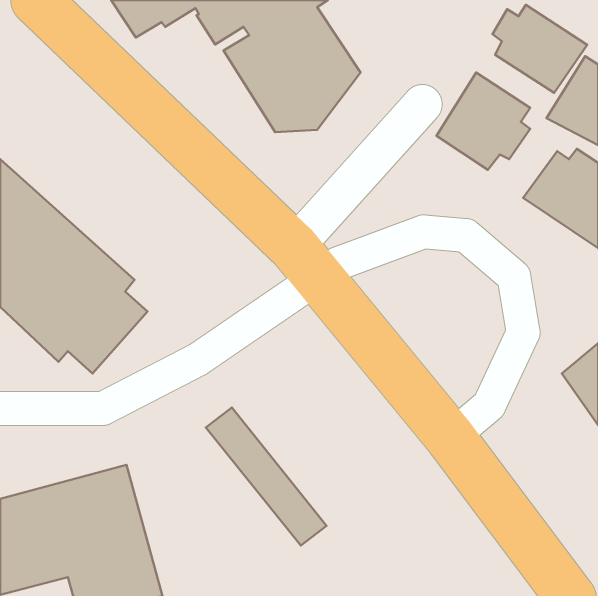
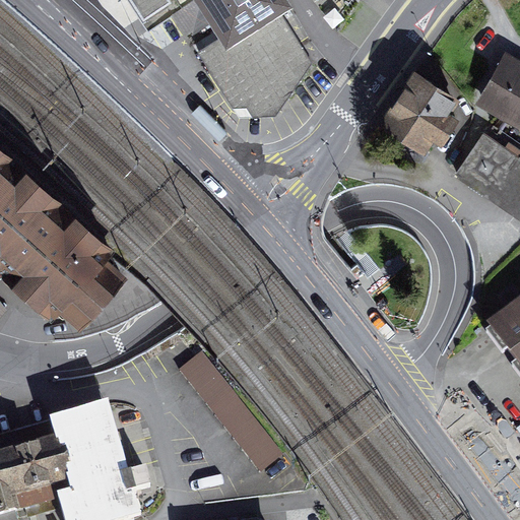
building: [492,5,587,93] -> none

